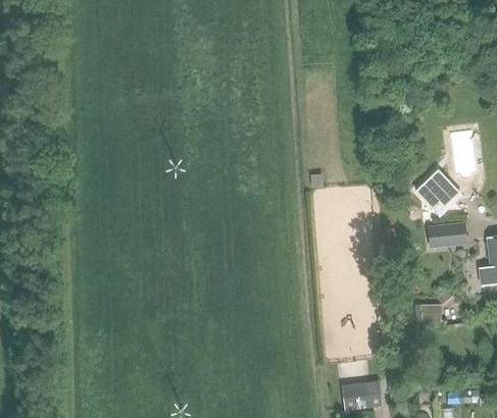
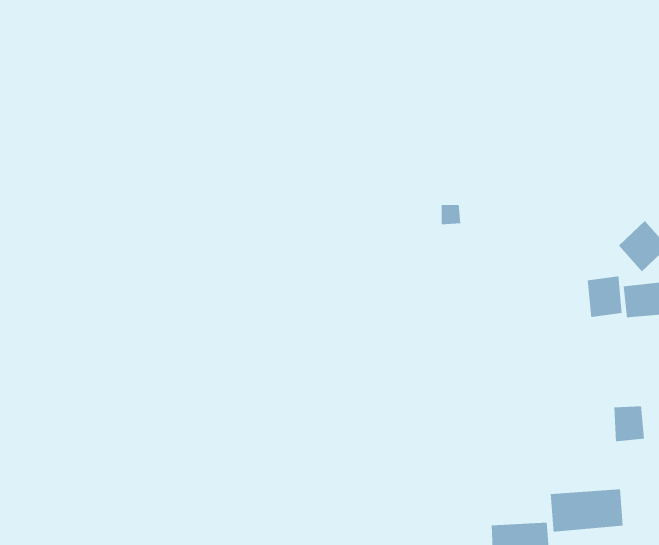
building: none -> [587,276,622,318]
building: none -> [550,489,623,533]

